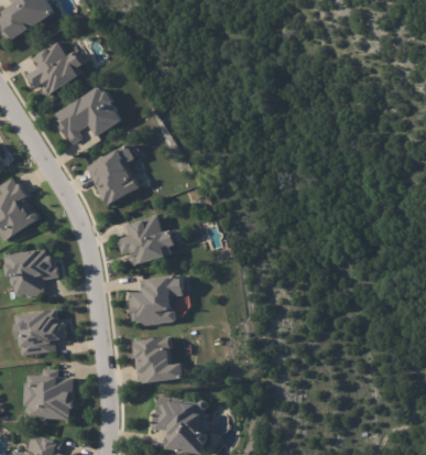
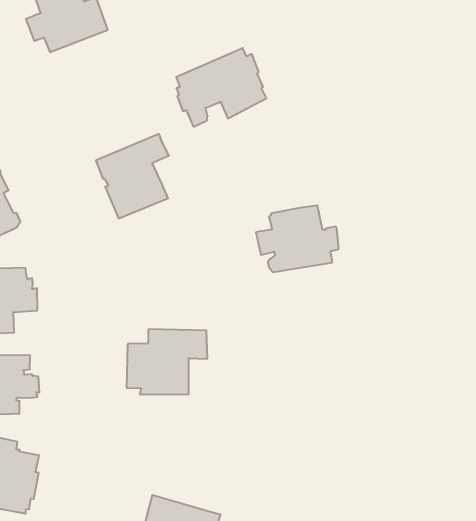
building: [59,84,124,143] -> [176,48,266,127]
building: [119,215,178,266] -> [256,205,339,272]
building: [135,336,187,383] -> none

